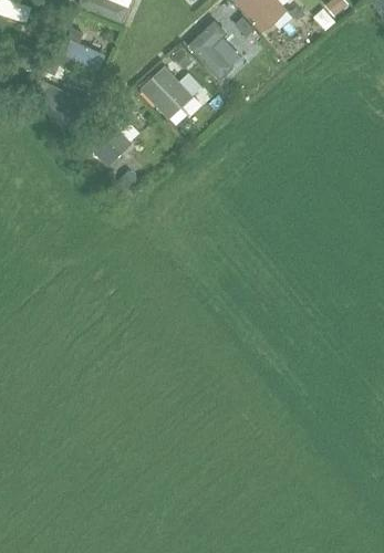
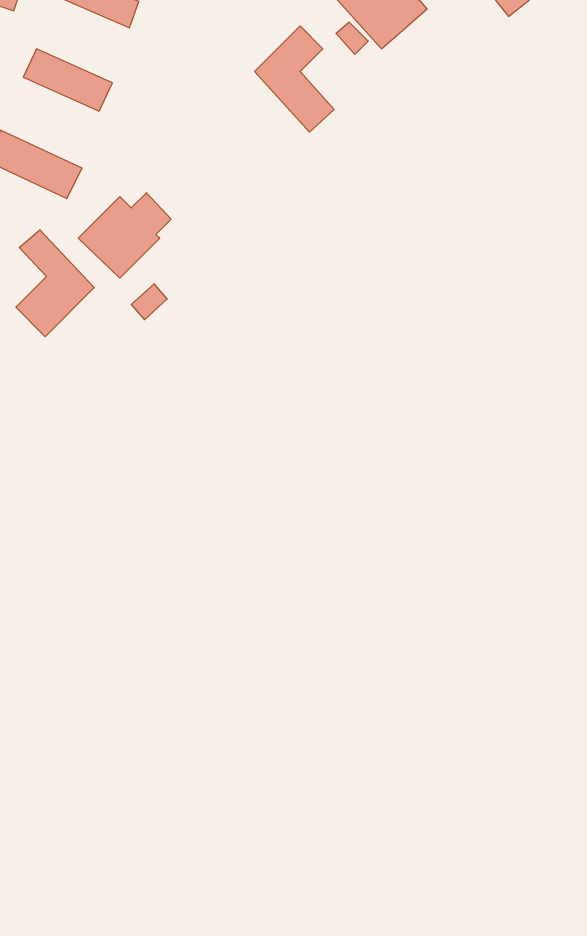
building: [141,64,195,118] -> none
building: none -> [16,230,94,337]

